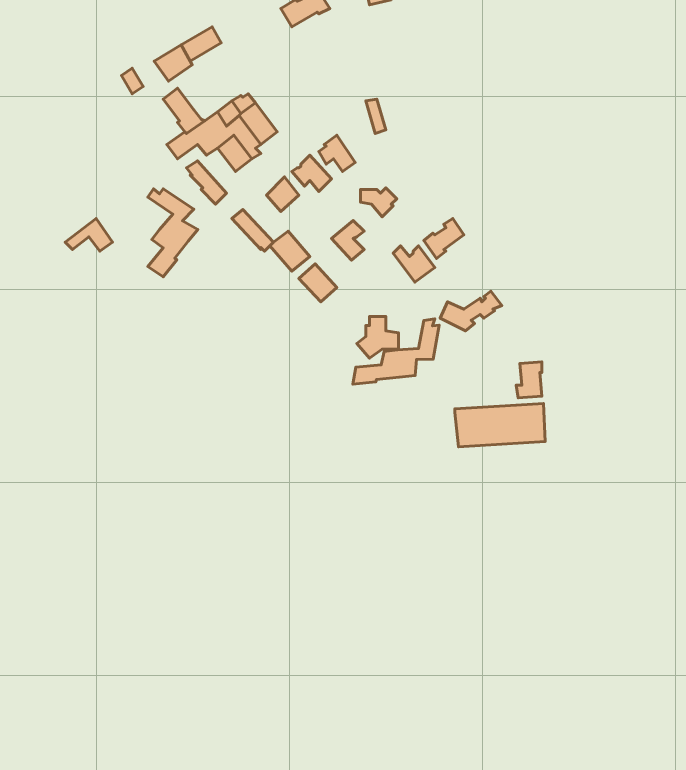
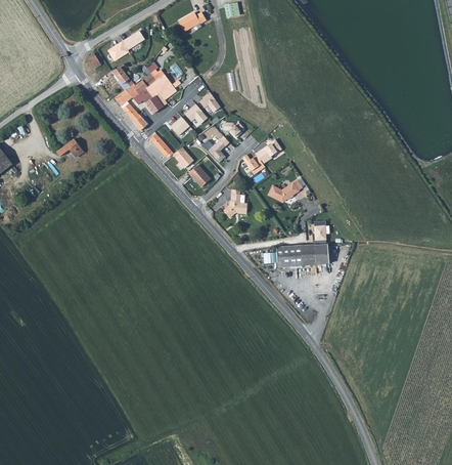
building: [148,189,198,277] -> none
building: [353,319,439,384] -> none

